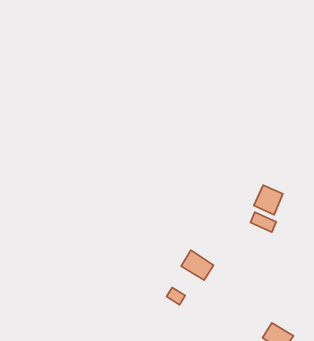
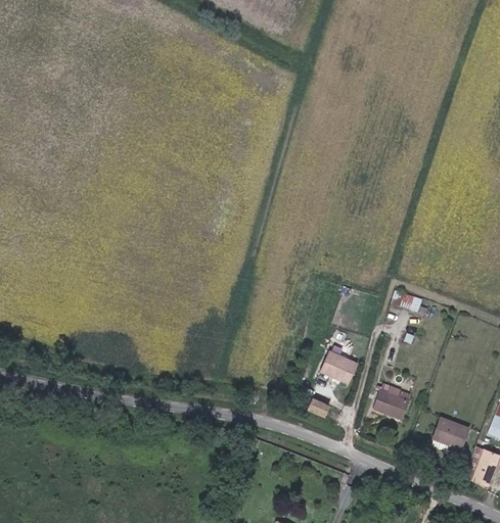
building: [254,185,283,215] -> none
building: none -> [373,388,410,417]

